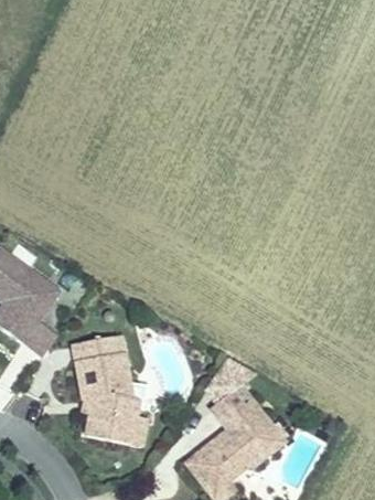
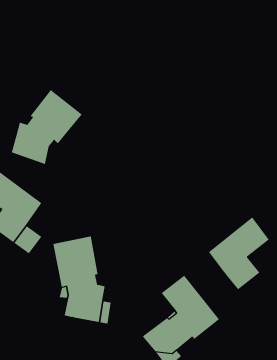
building: none -> [11,89,82,165]
building: none -> [208,217,270,290]

